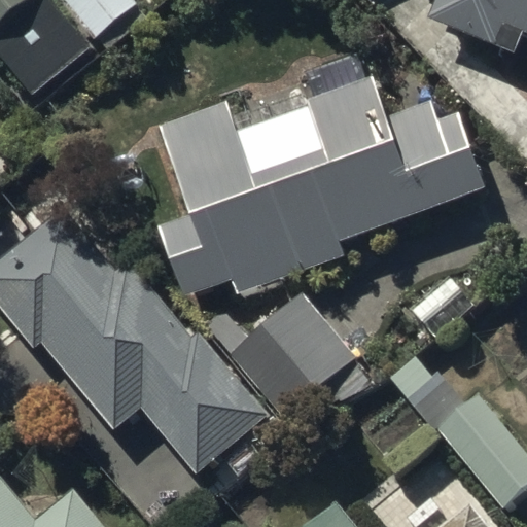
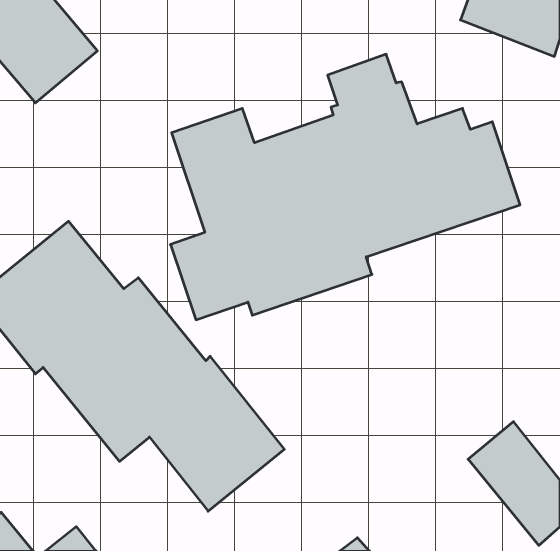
building: [236,291,356,419] -> none

